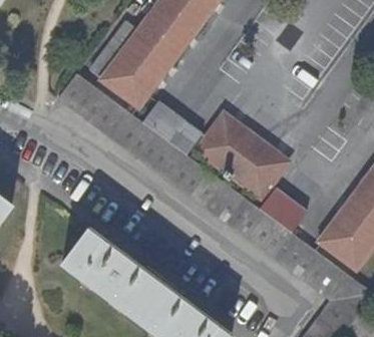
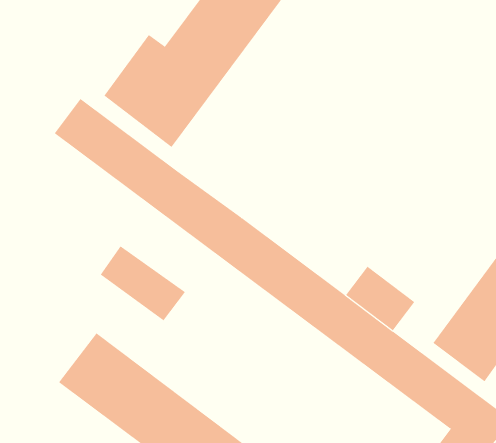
building: [144,101,204,153] -> [100,245,186,321]
building: [199,112,289,197] -> none

